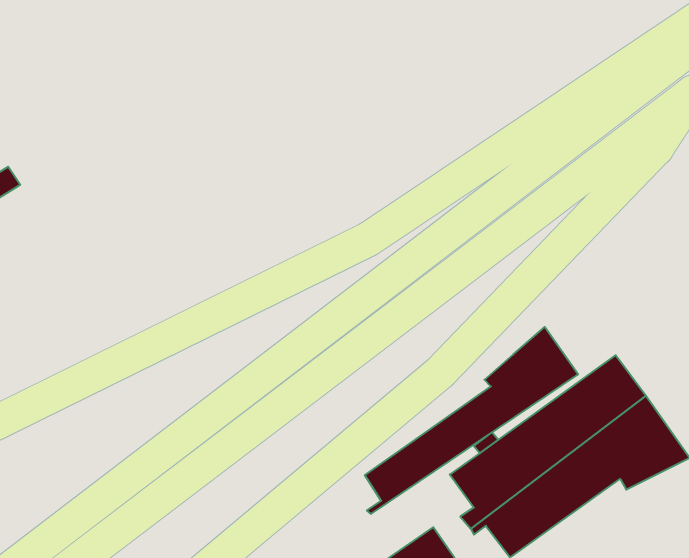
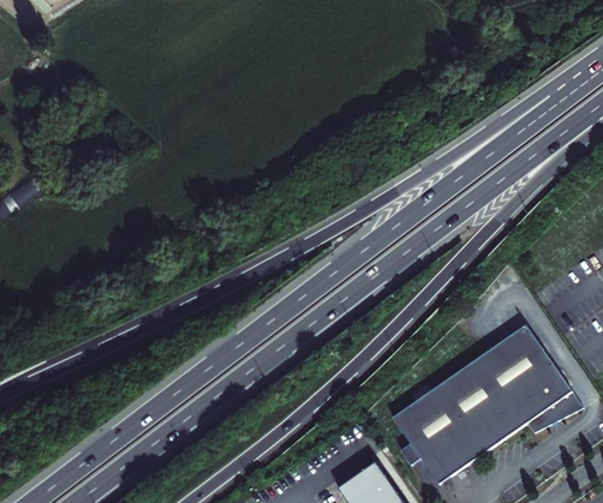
building: [365,327,578,514] -> none

